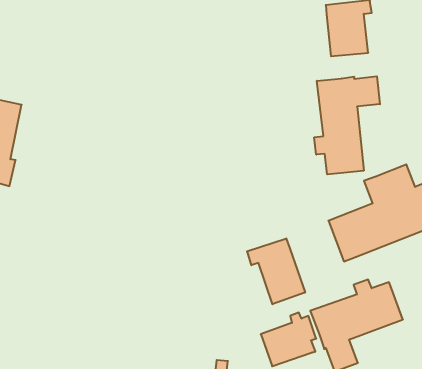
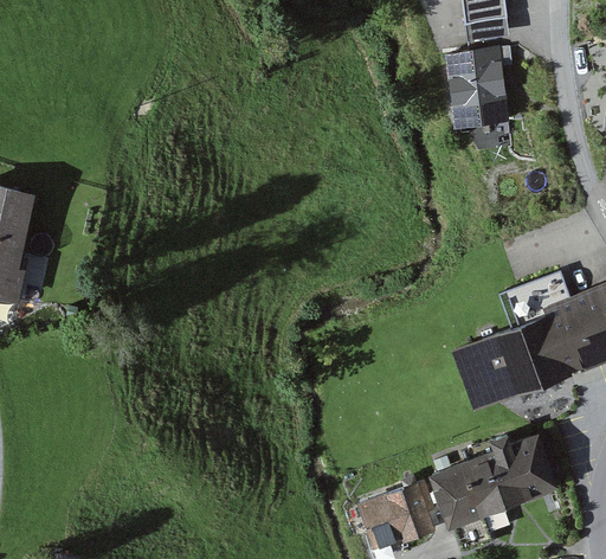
building: [314,76,380,174] -> none
building: [247,238,305,304] -> none

